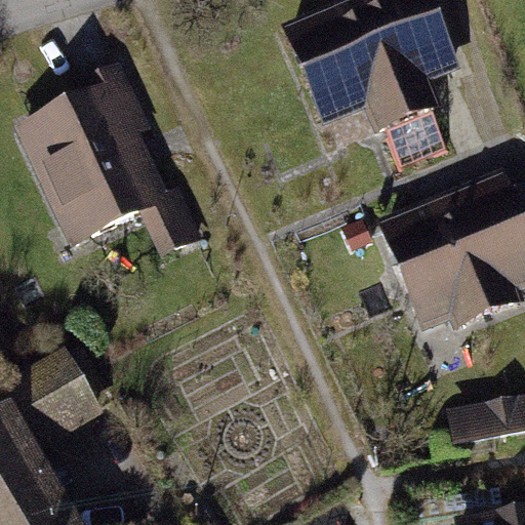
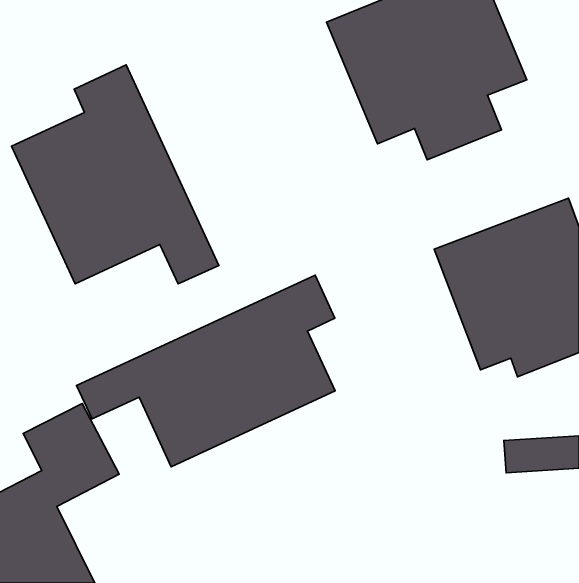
building: none -> [77,275,335,467]

